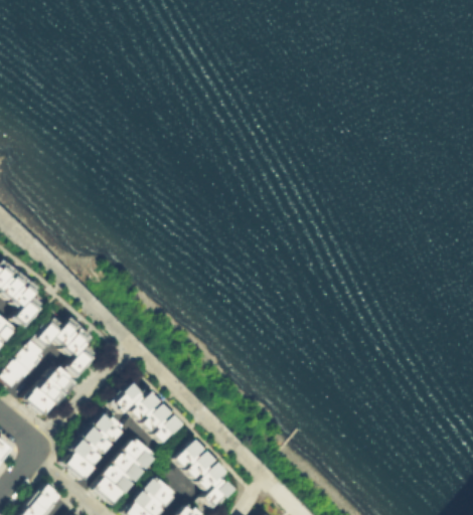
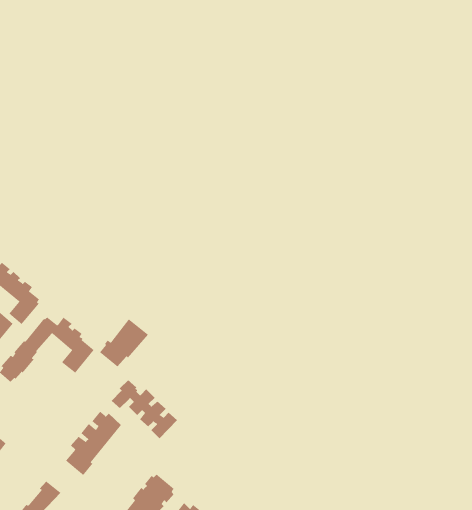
building: [27,366,76,414] -> [99,319,149,367]
building: [95,437,155,502] -> none
building: [173,440,232,507] -> none

